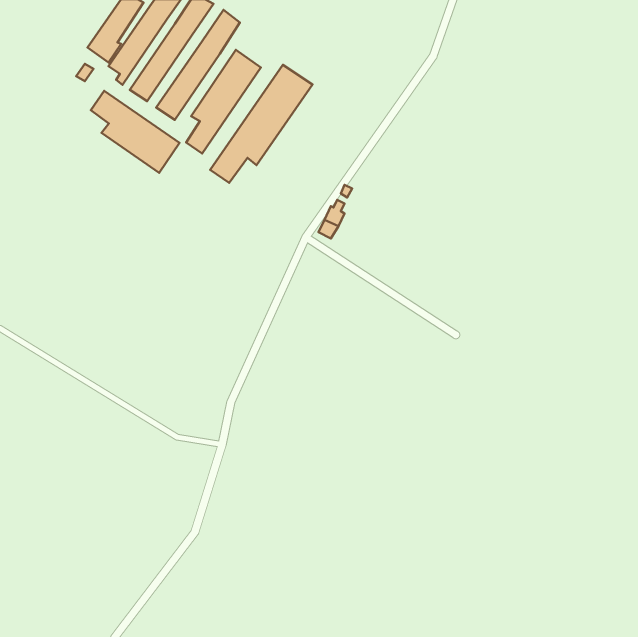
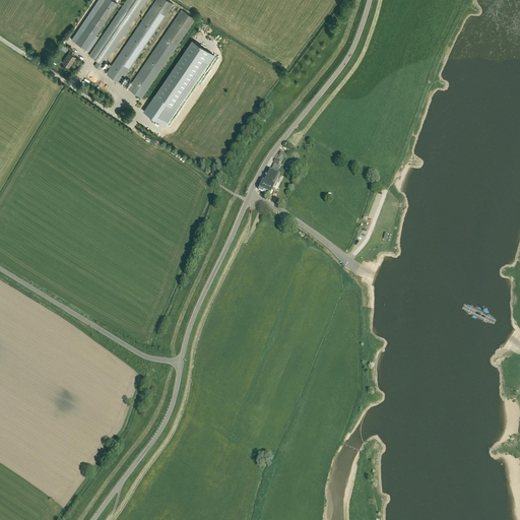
building: [210,65,312,183] -> none
building: [91,91,179,173] -> none

